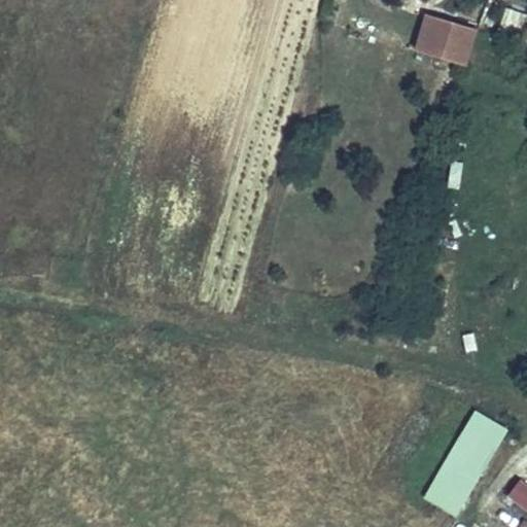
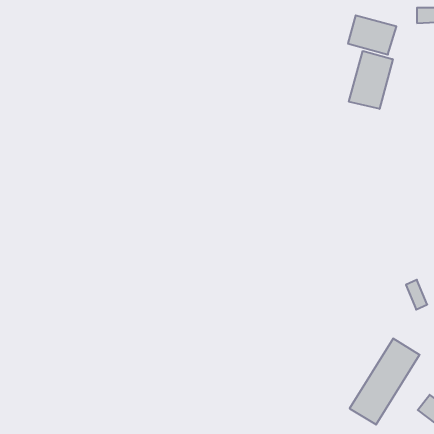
building: none -> [349,51,393,109]

